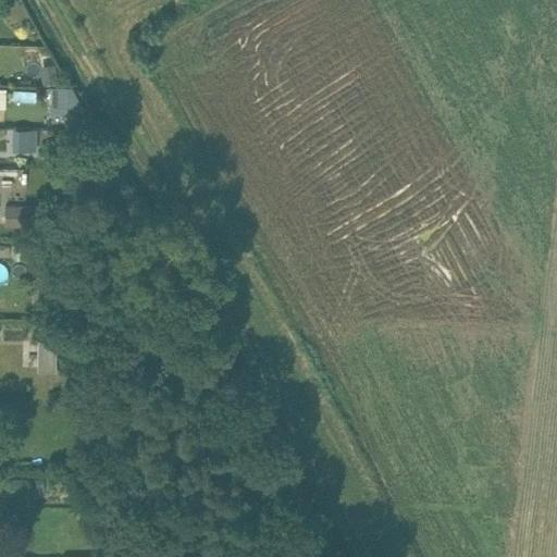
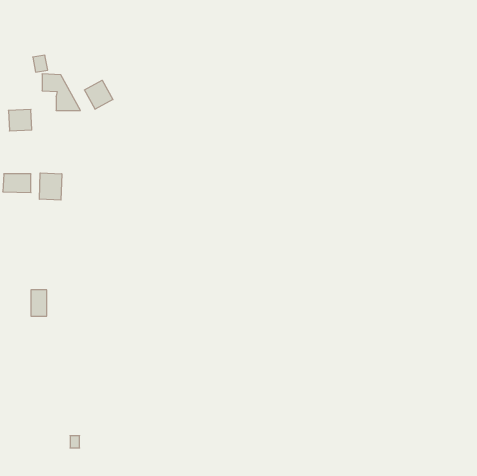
building: none -> [84,80,113,109]
building: none -> [39,173,62,200]

